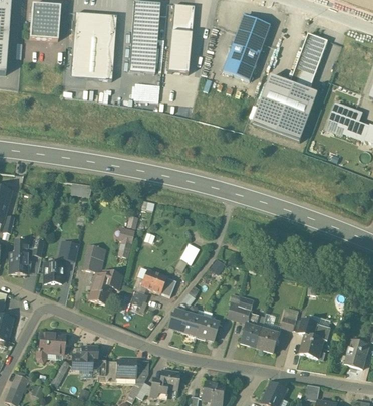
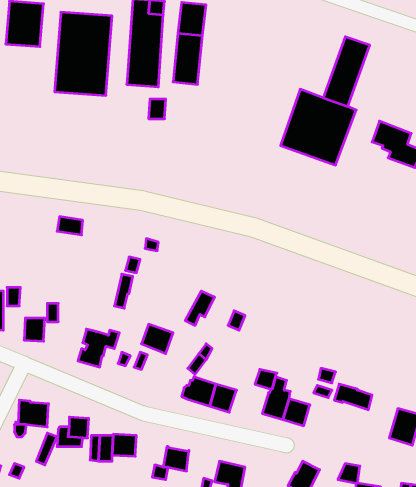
building: [224,14,271,80] -> none
building: [82,244,105,271] -> none
building: [300,332,324,357] -> none

